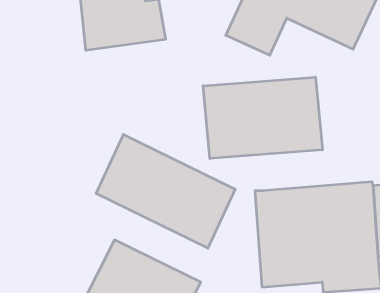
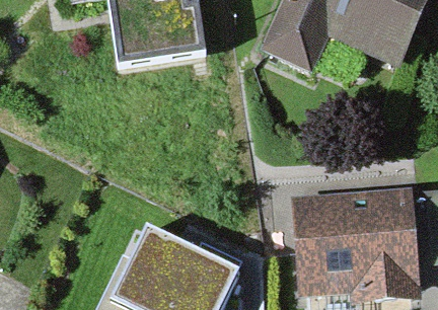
building: [203,77,322,159] -> none
building: [96,134,235,248] -> none

